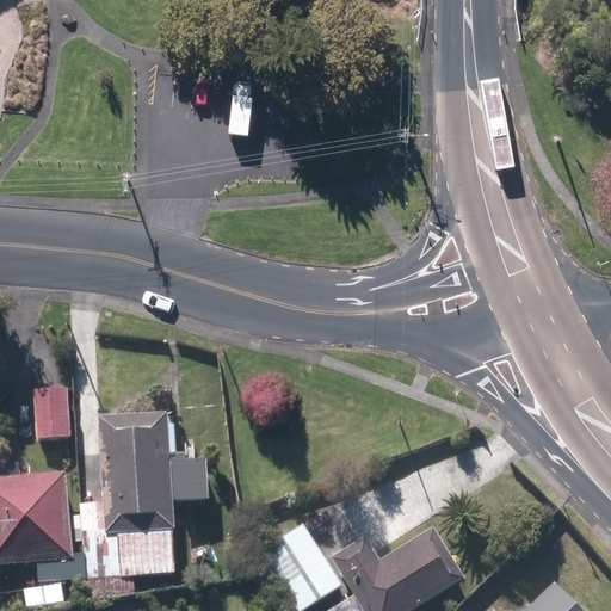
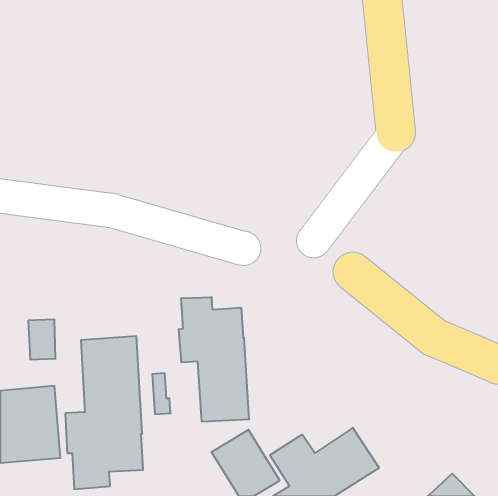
building: none -> [179,297,249,422]

